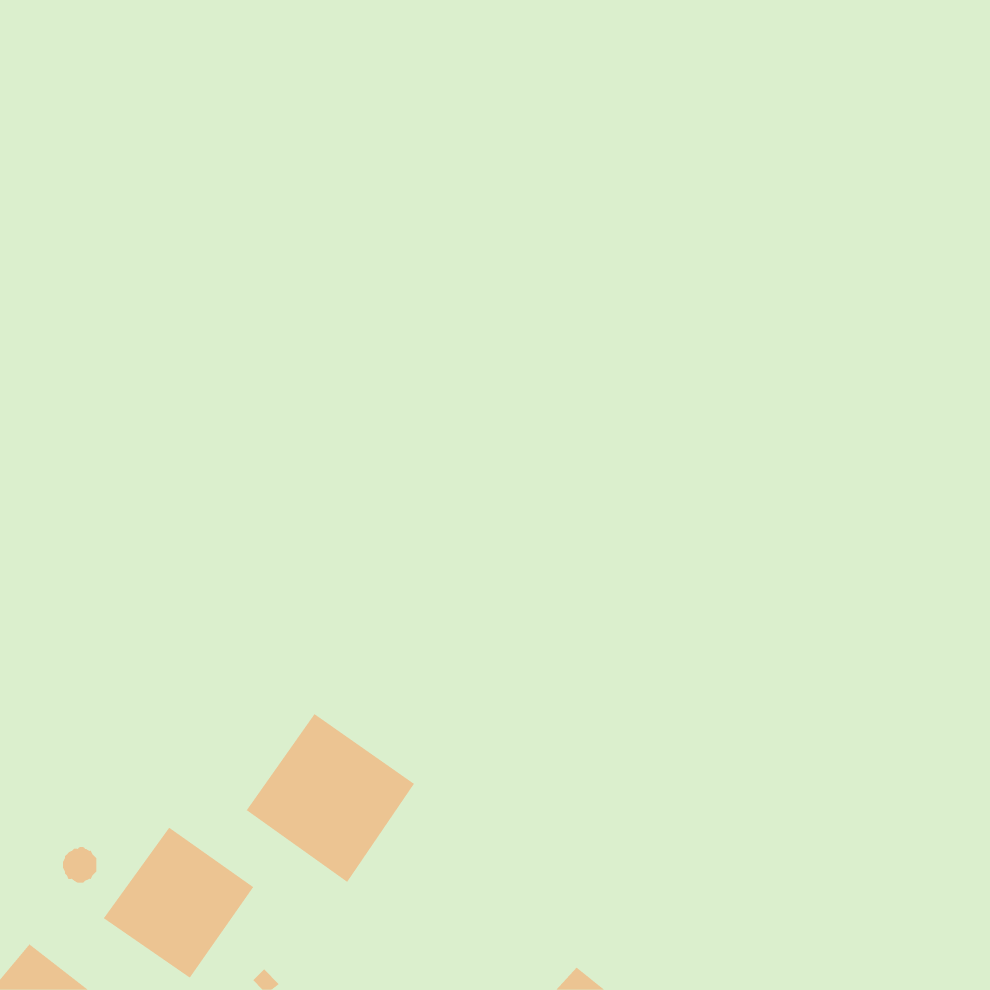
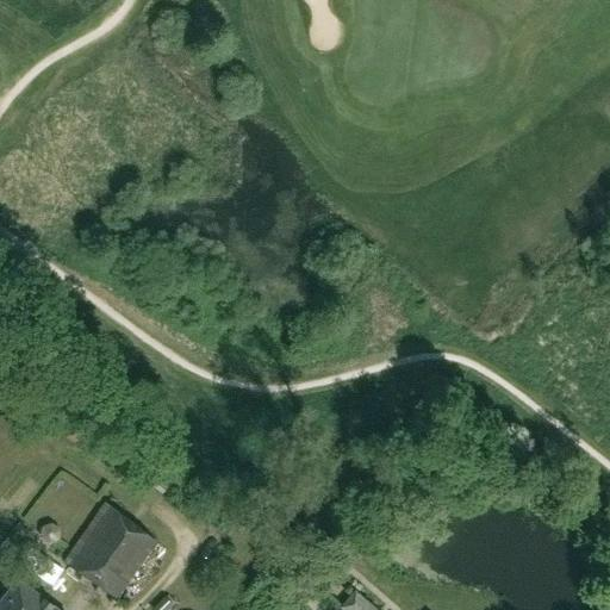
building: [246,713,415,883] -> none

